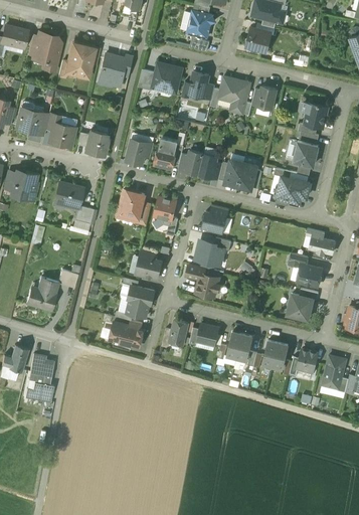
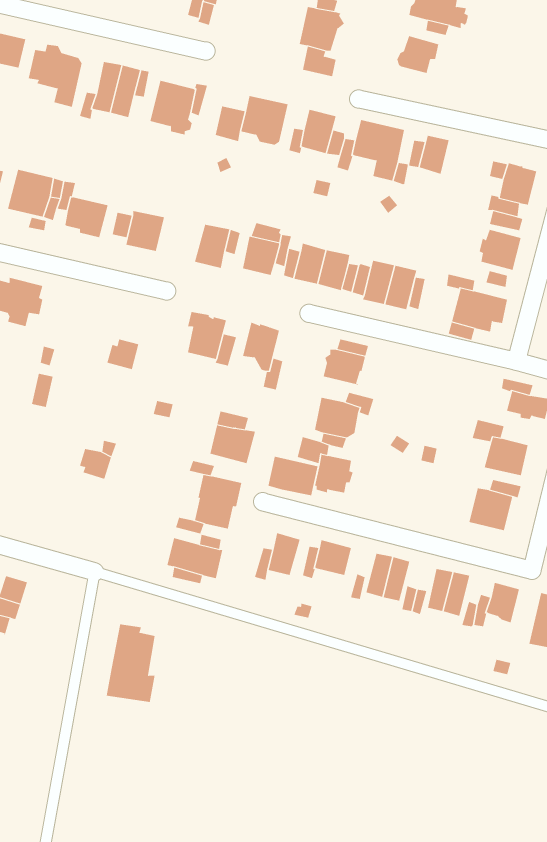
building: [56,183,83,208] -> none
building: none -> [268,456,318,496]
building: [26,278,59,312] -> none
building: [25,355,54,401] -> [106,624,156,703]

